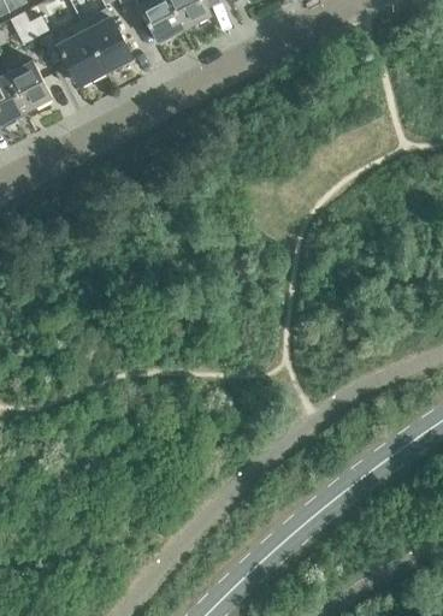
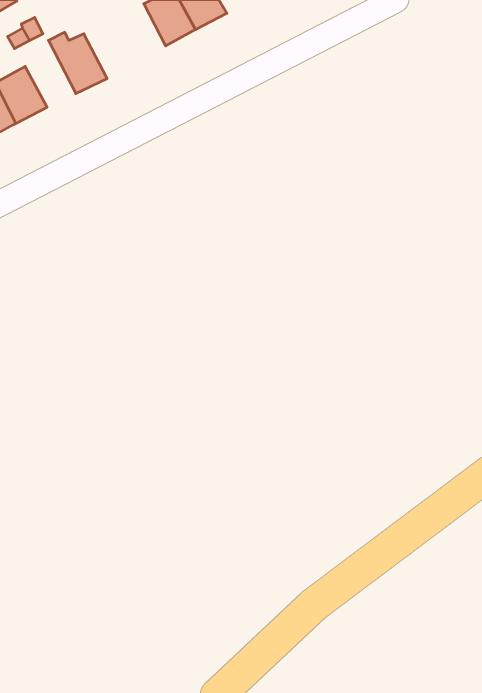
building: [84,7,131,70] -> none

